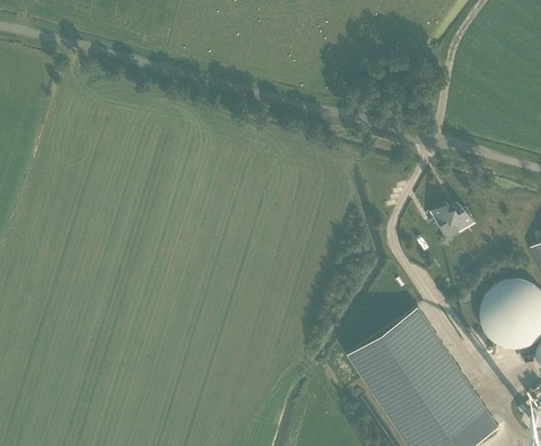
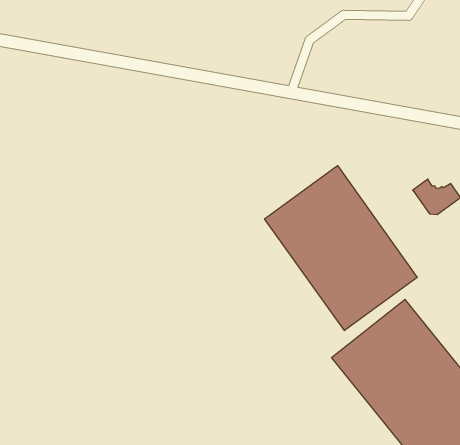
building: none -> [265,166,417,331]

